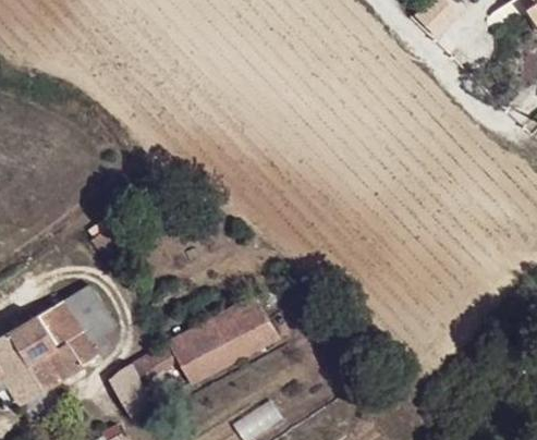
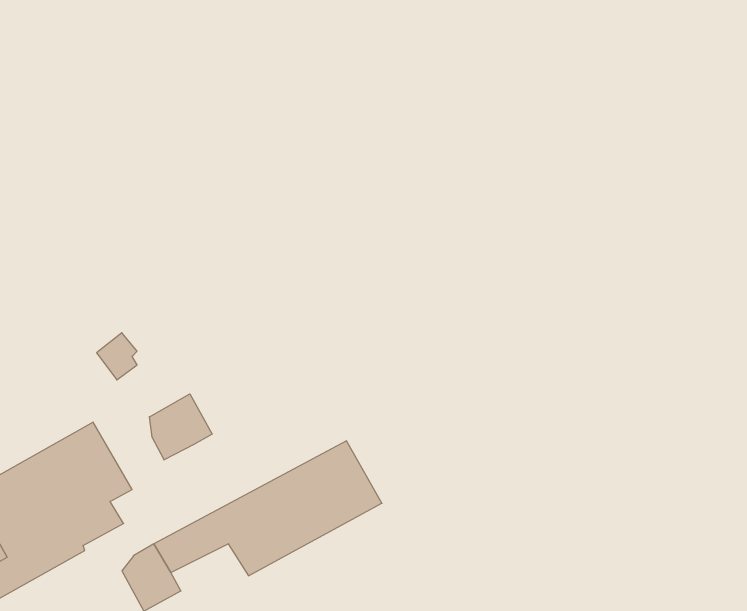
building: none -> [149,394,212,460]

